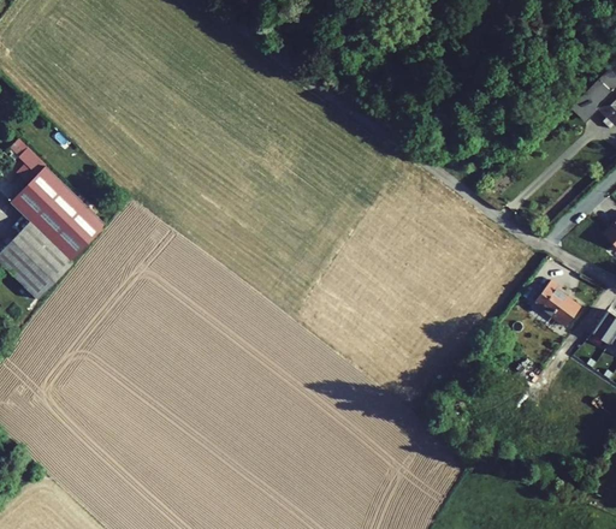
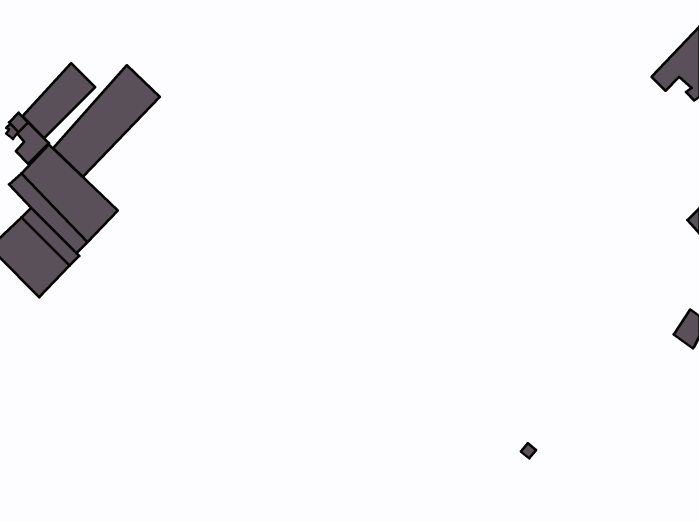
building: none -> [22,63,95,138]
building: none -> [53,65,160,177]
building: [534,279,580,325] -> none

